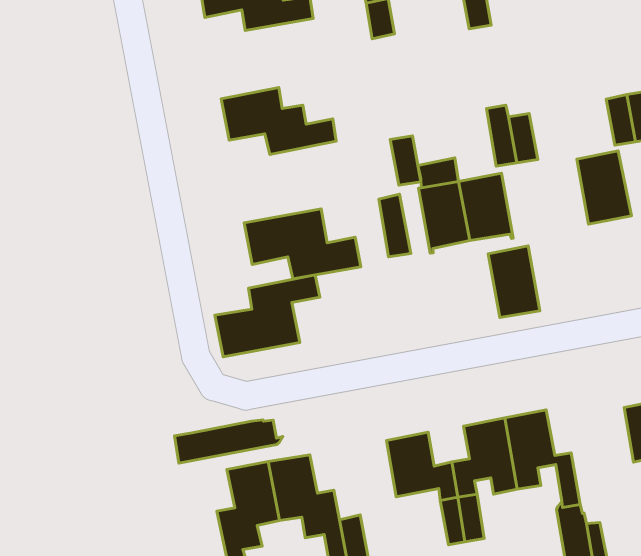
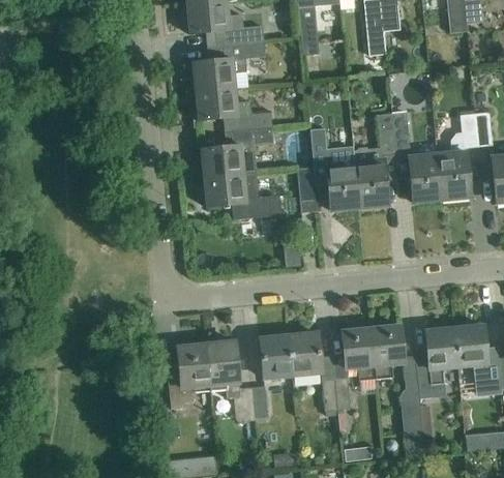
building: none -> [192,41,265,91]
building: [488,246,540,317] -> [409,154,441,202]
building: [215,275,320,357] -> [201,127,274,178]
building: none -> [415,328,457,398]
building: [175,420,283,463] -> none
building: none -> [260,336,292,378]

